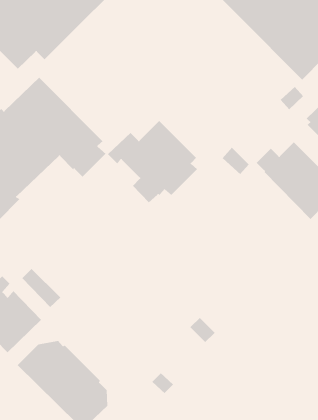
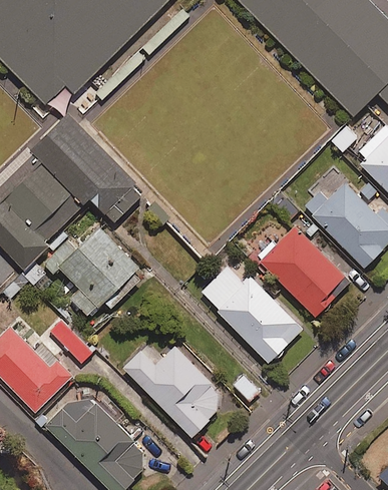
building: [107,120,198,203] -> [42,225,140,316]
building: none -> [257,225,350,316]
building: none -> [214,274,303,363]
building: none -> [125,347,218,436]

